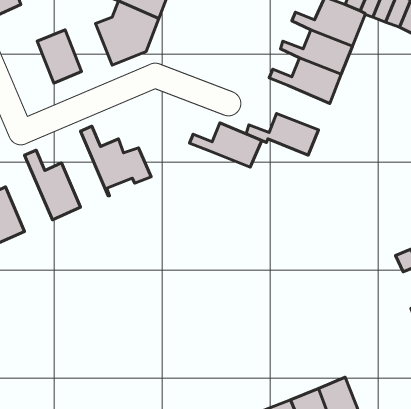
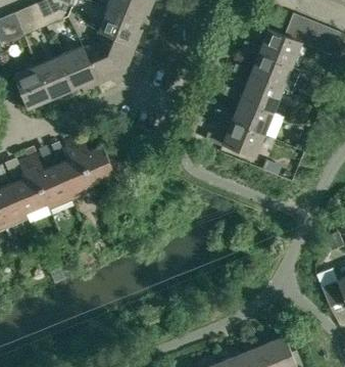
building: none -> [59,46,97,91]
building: none -> [13,65,50,109]
building: [189,123,262,167] -> [214,101,273,137]
building: none -> [56,138,94,199]
building: none -> [11,157,49,219]

